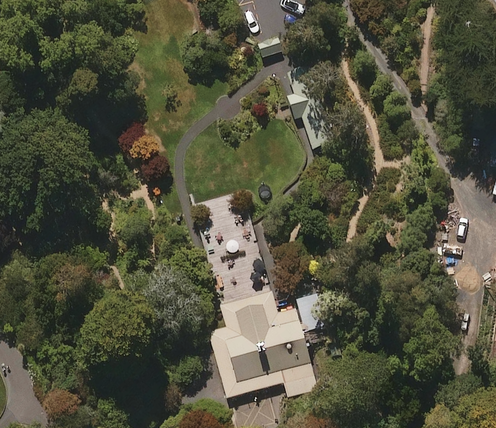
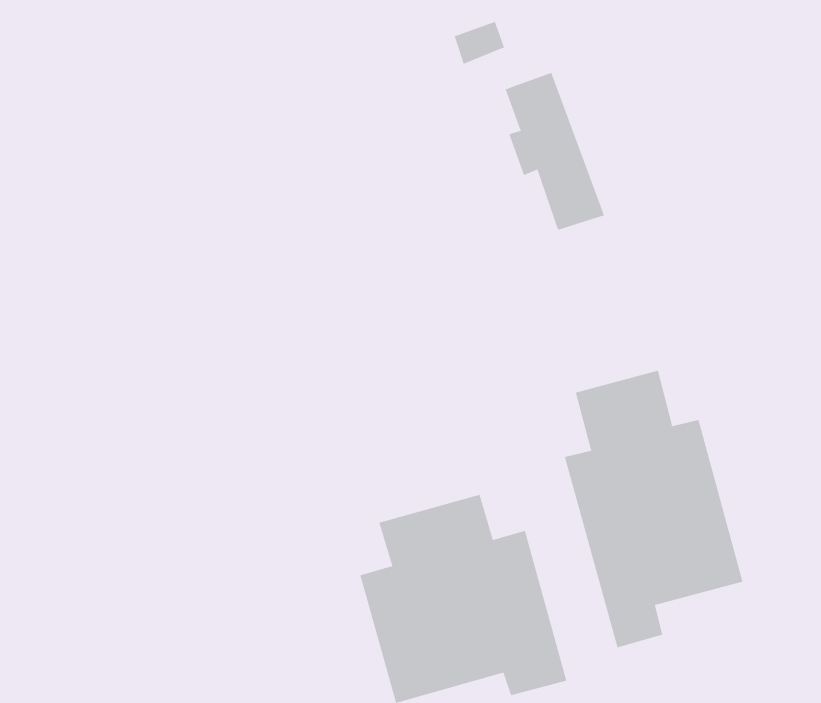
building: none -> [564,370,743,648]

